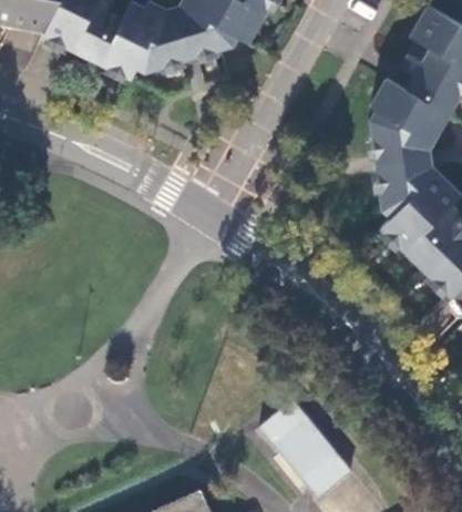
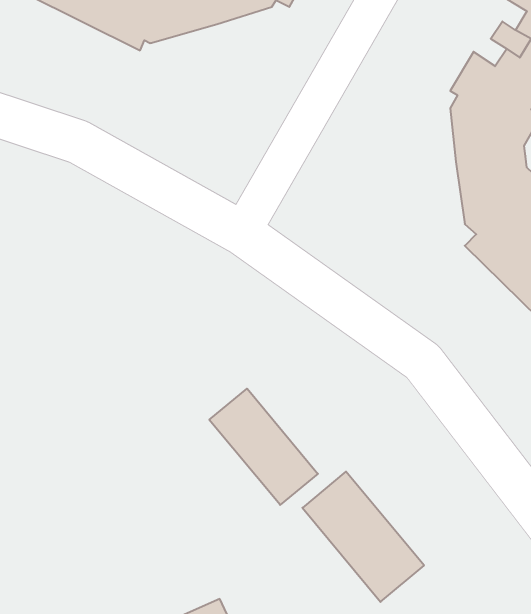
building: none -> [209,389,318,505]

